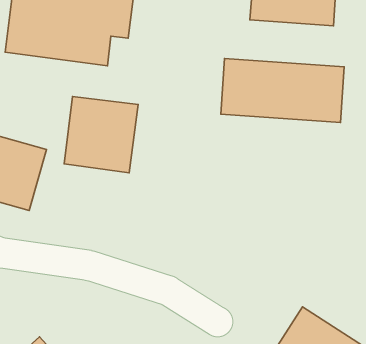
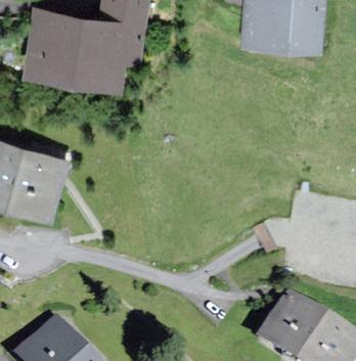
building: [221,59,344,122] -> none
building: [64,97,138,173] -> none

